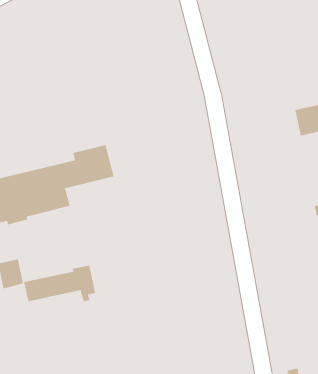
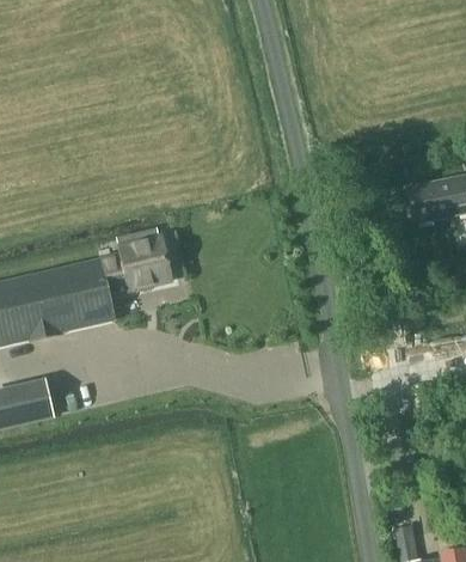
building: [23,265,96,302] -> none

